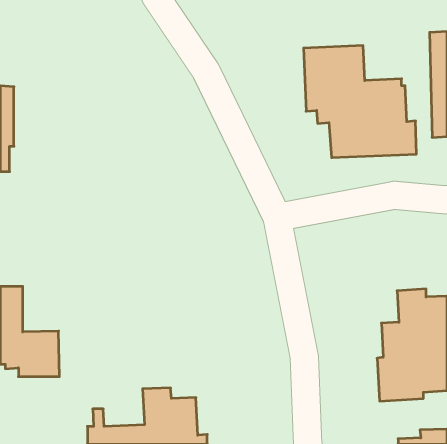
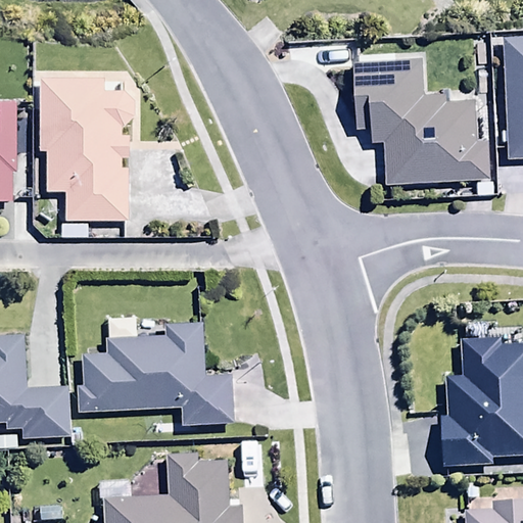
building: none -> [39,76,132,238]
building: none -> [77,322,234,427]

